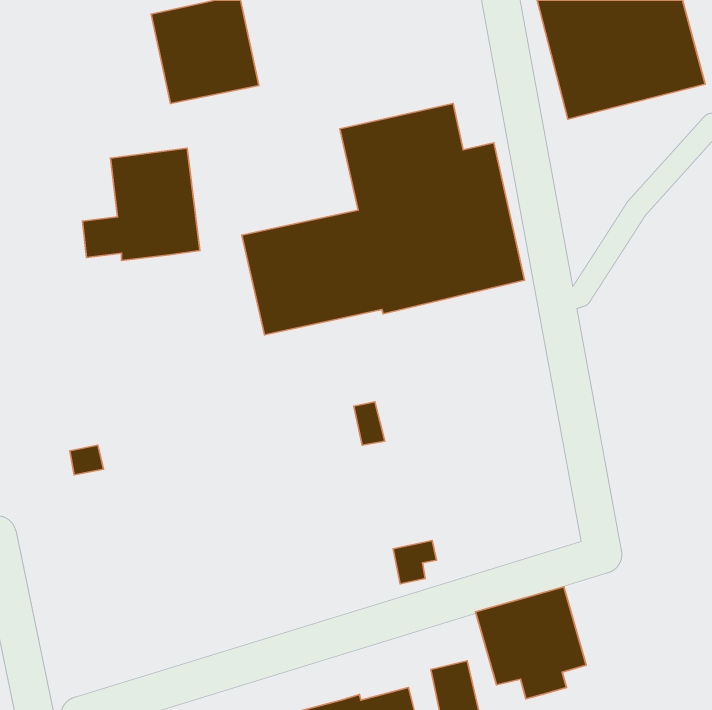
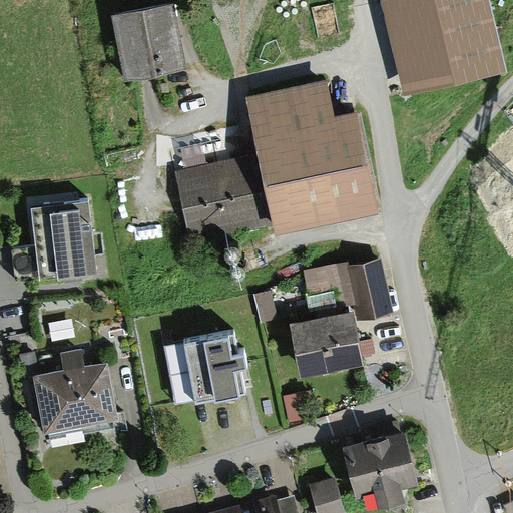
building: [82,148,200,260] -> [10,206,94,287]
building: none -> [290,256,391,374]
building: none -> [165,333,247,406]
building: none -> [17,354,117,435]

